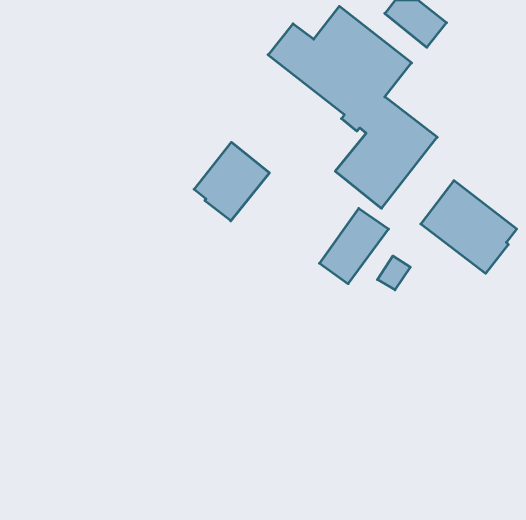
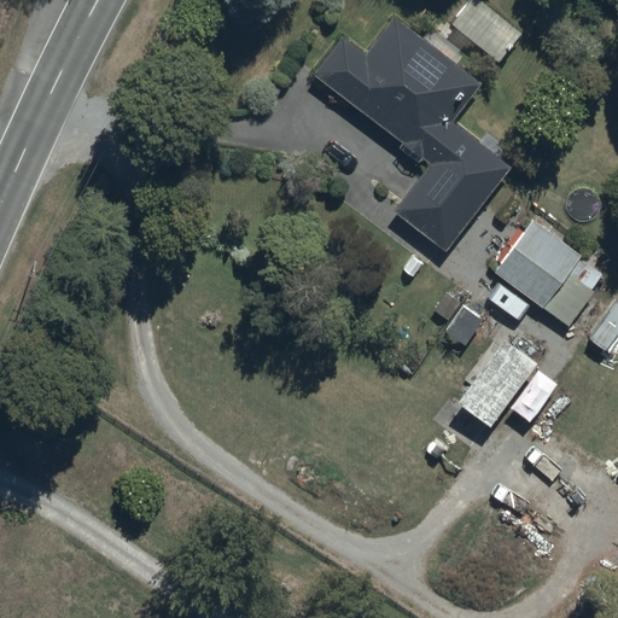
building: [194,142,269,221] -> none
building: [319,208,389,284] -> [457,334,538,422]

